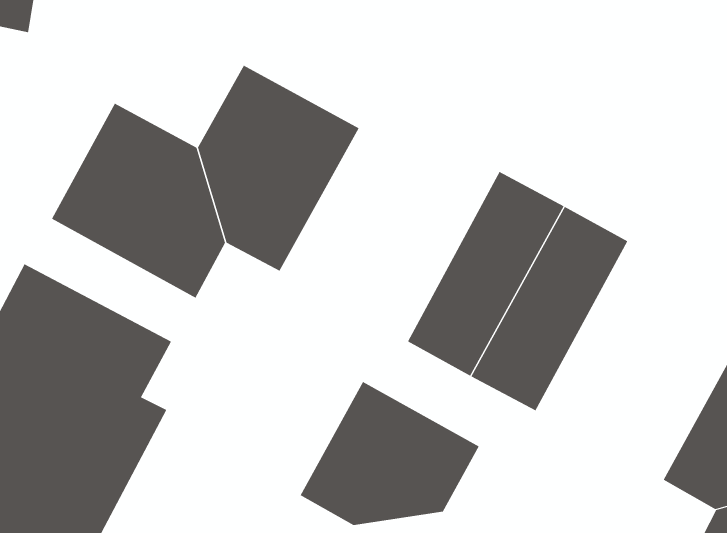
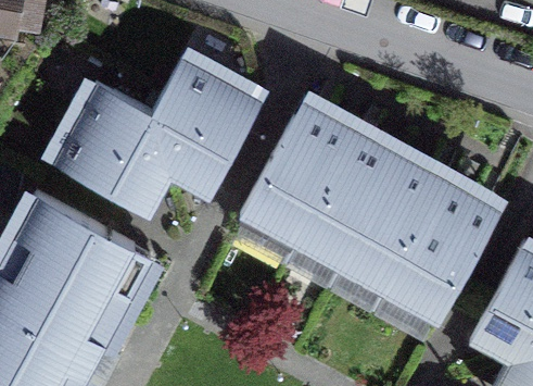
building: none -> [240,100,358,247]
building: none -> [383,178,502,324]
building: [300,381,479,526] -> none

